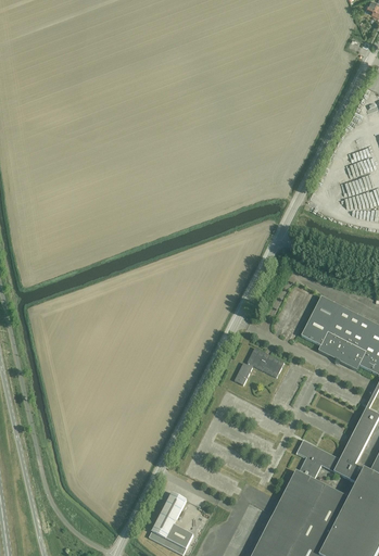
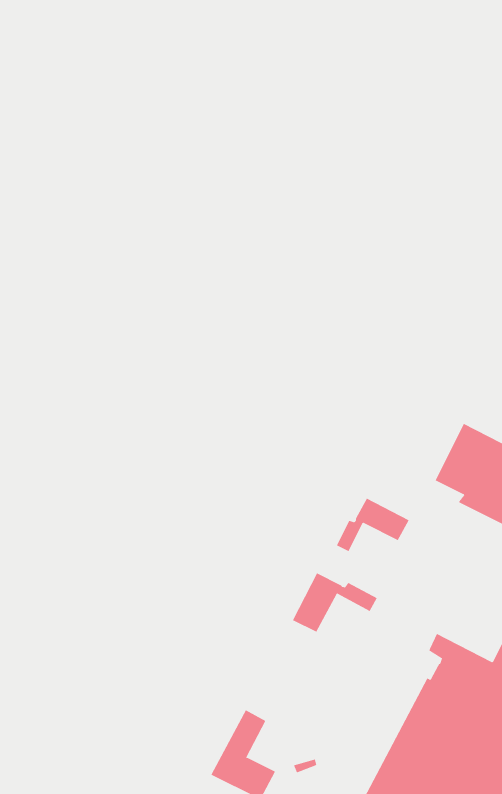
building: none -> [292,573,377,633]

